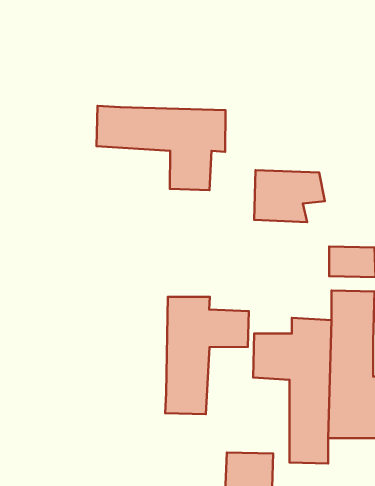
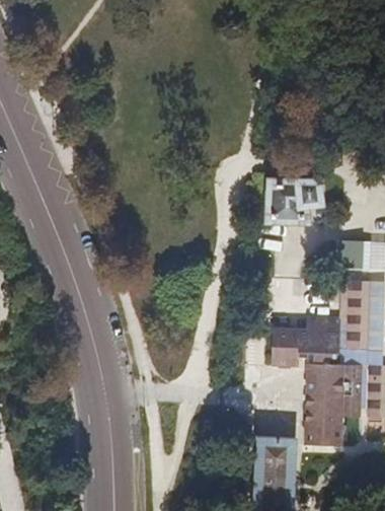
building: [96,106,226,190] -> none
building: [165,297,249,414] -> none

